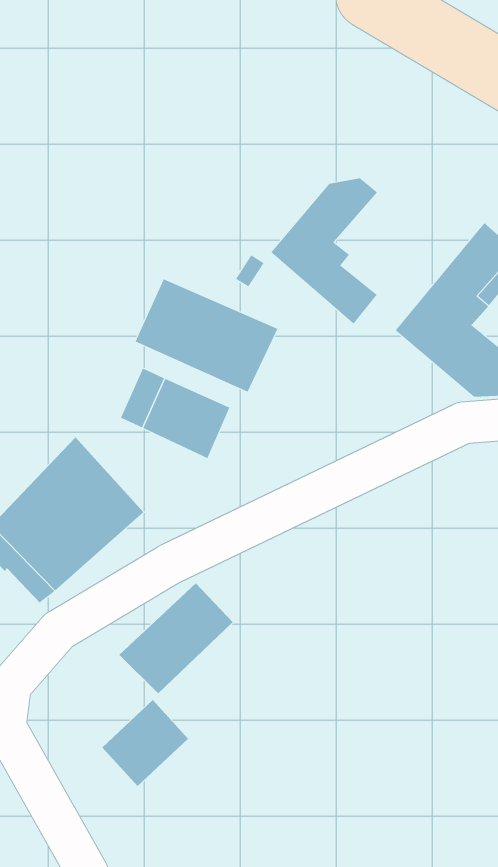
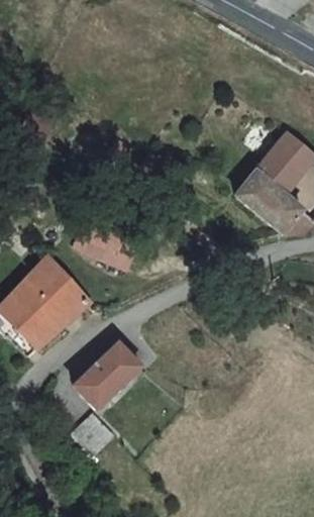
building: [271,177,378,324] -> none
building: [135,279,278,392] -> none

